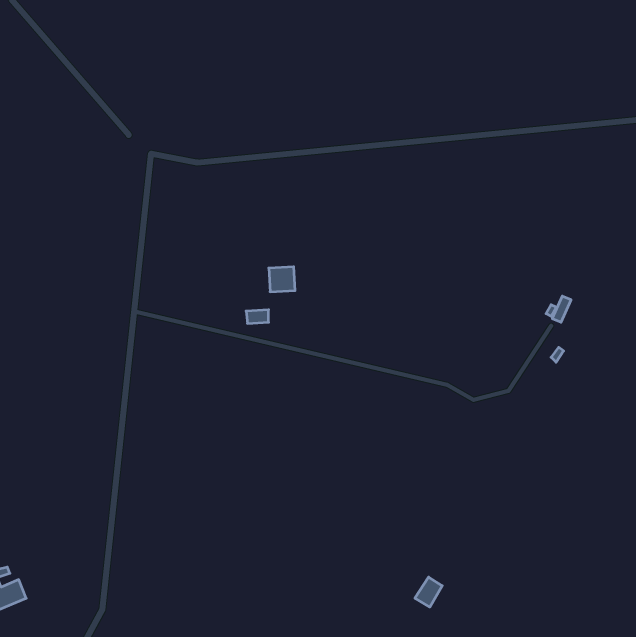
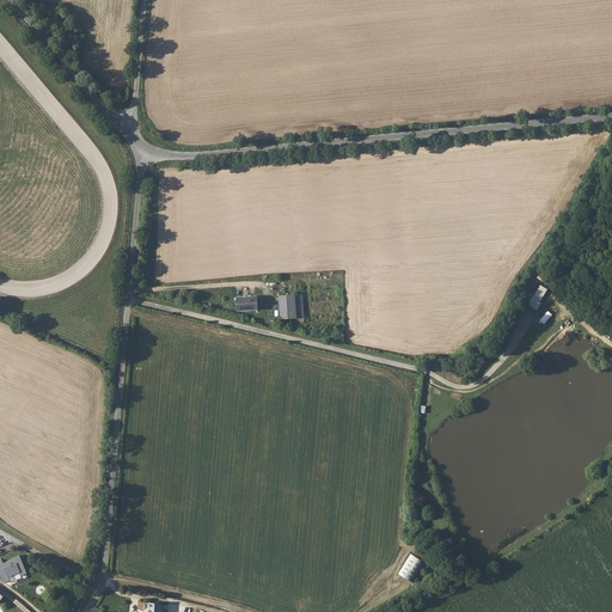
building: [269,267,295,292] -> [279,294,304,318]

